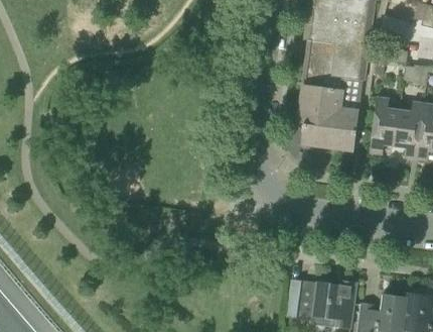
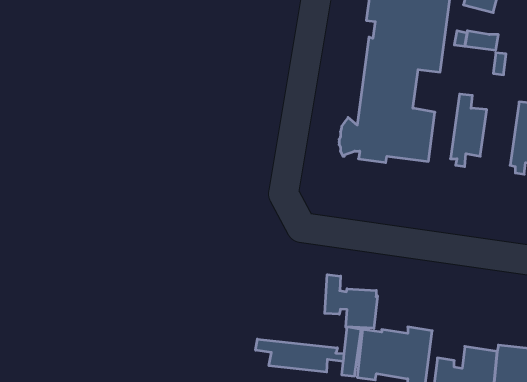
building: [394,101,424,157] -> none
building: none -> [325,275,377,328]
building: none -> [256,339,344,372]

